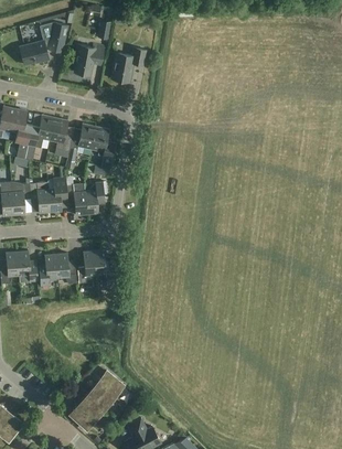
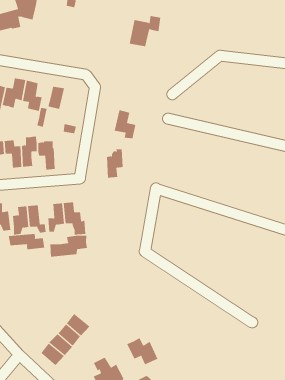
building: [74,44,104,74] -> none
building: [110,47,146,82] -> [129,15,161,47]
building: [90,126,115,158] -> [114,110,136,139]
building: [85,182,104,214] -> [106,149,123,178]
building: none -> [8,233,45,250]
building: none -> [50,235,88,258]
building: none -> [126,337,158,365]

